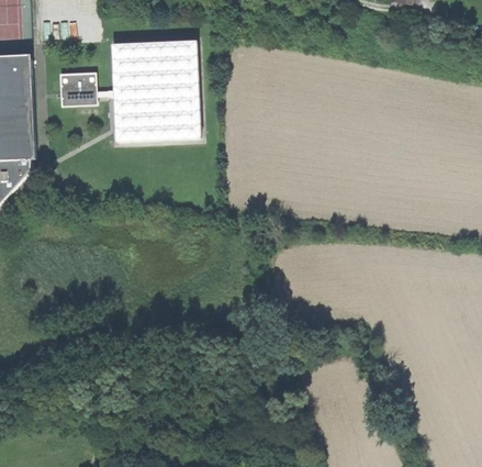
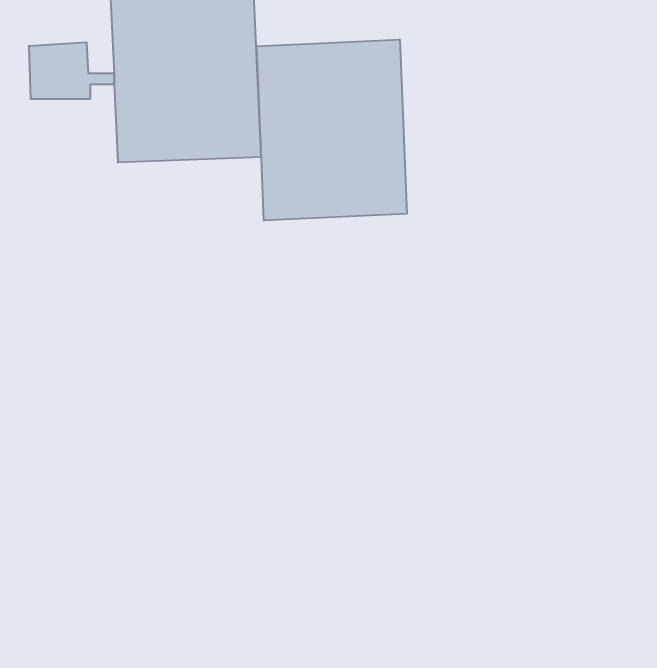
building: none -> [257,39,407,221]

